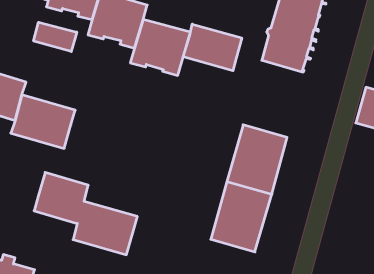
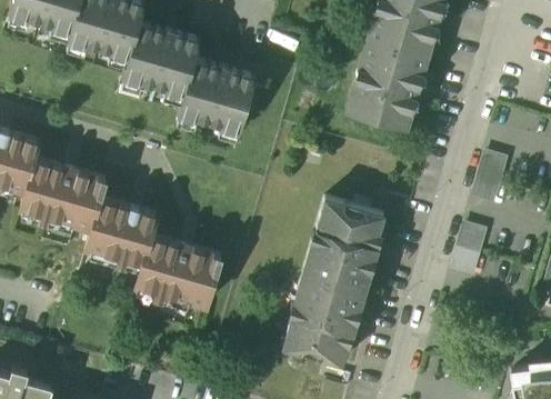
building: [34,22,77,52] -> none
building: [183,24,242,71] -> none
building: none -> [452,221,491,275]
building: [34,172,137,255] -> [86,198,221,306]

